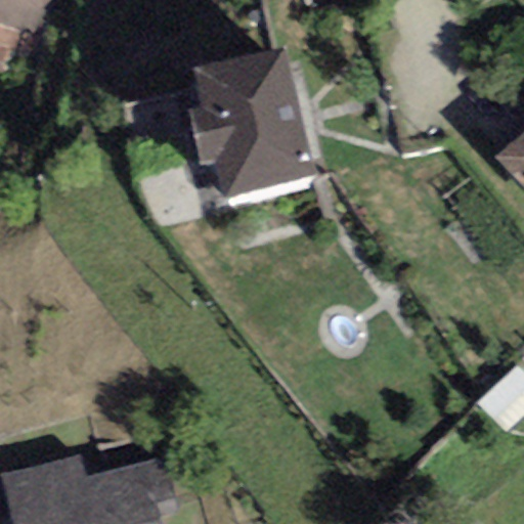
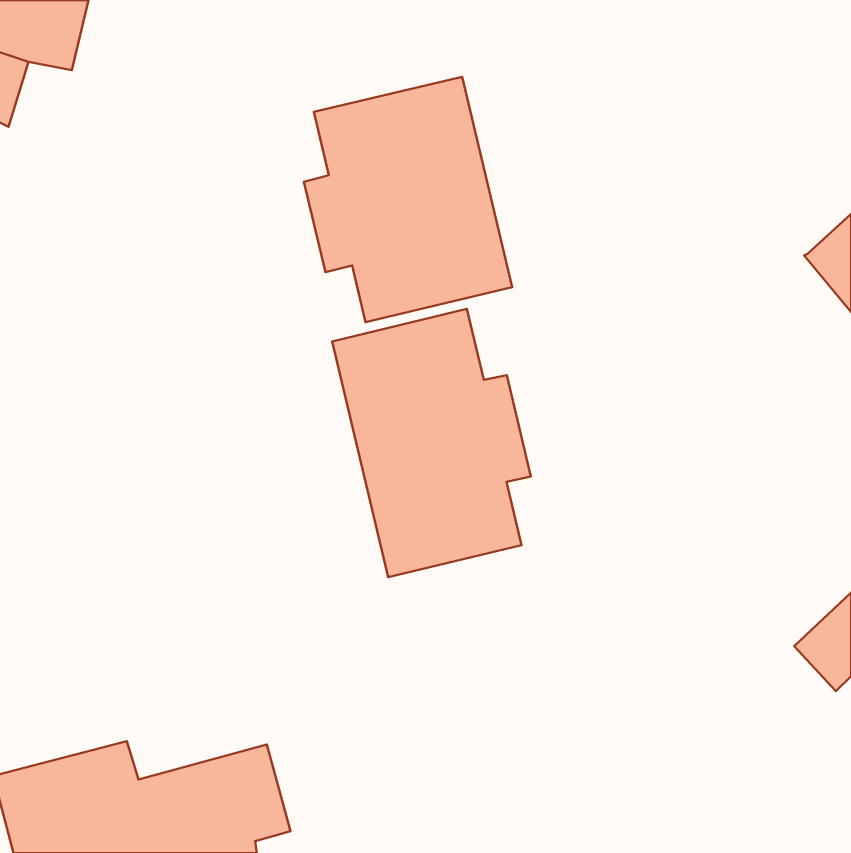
building: none -> [332,309,531,577]

